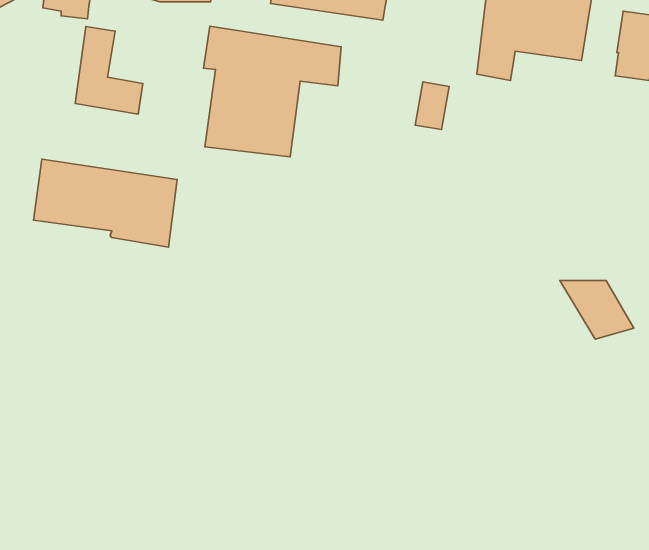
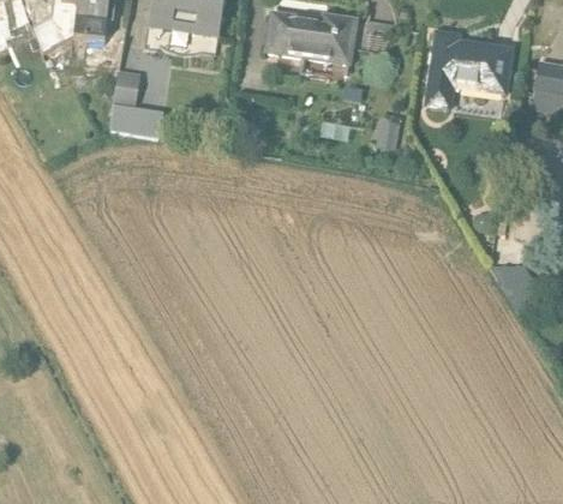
building: [204,26,341,157] -> none
building: [33,159,177,247] -> none

